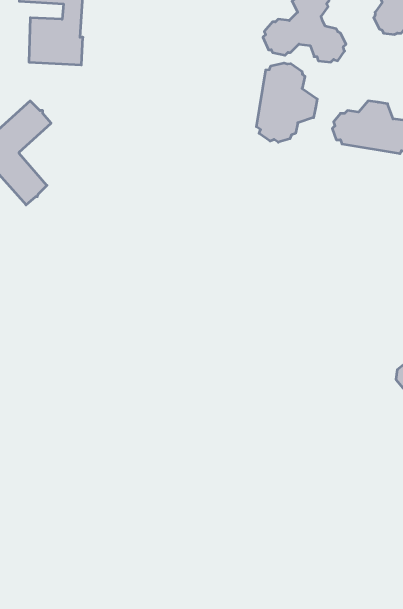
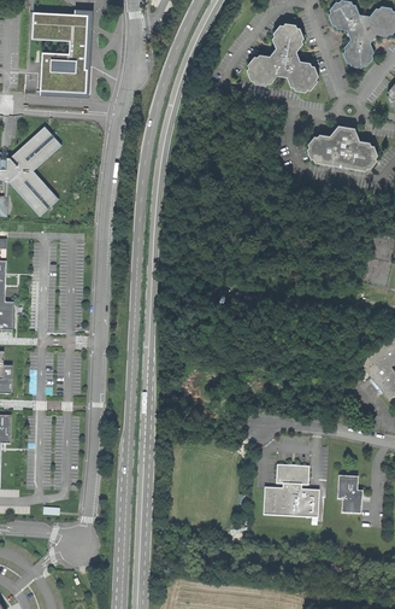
building: [256,63,317,142] -> none
building: none -> [263,463,318,516]
building: none -> [336,475,360,513]

